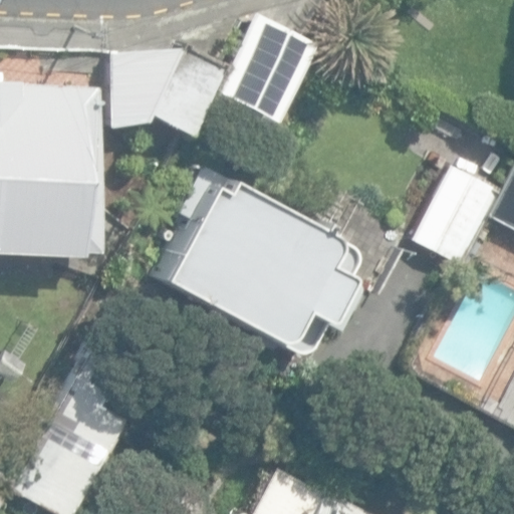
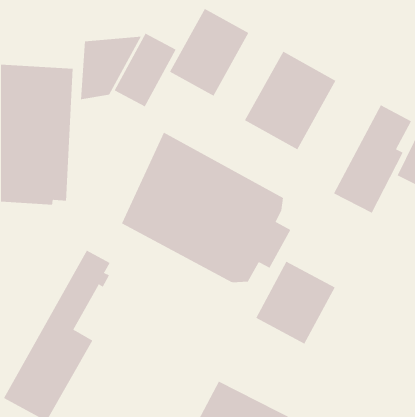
building: none -> [244,51,336,150]
building: none -> [255,261,335,345]

